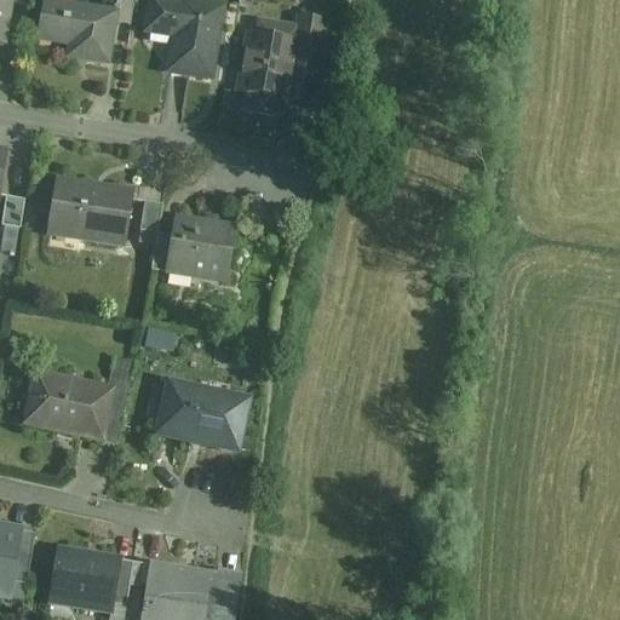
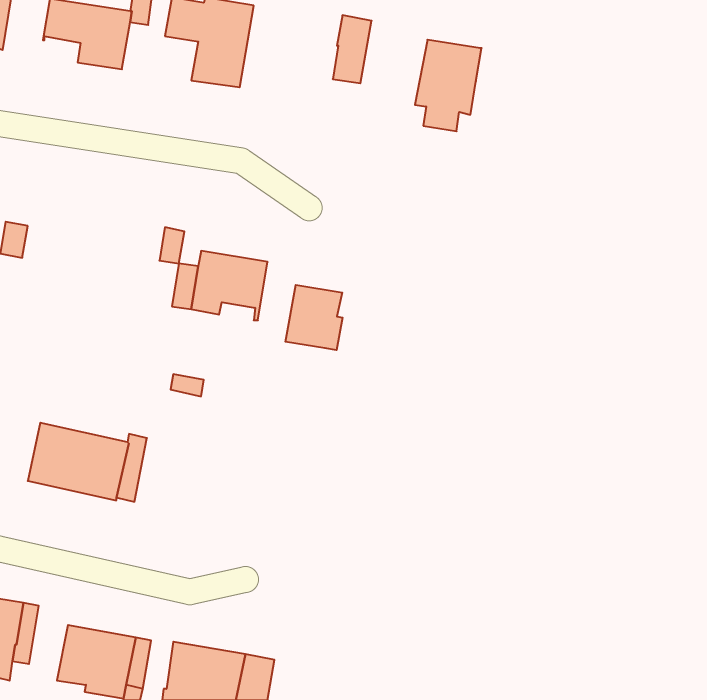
building: [237,33,295,113] -> [415,40,482,131]
building: [47,177,132,243] -> none
building: none -> [285,285,343,350]
building: [159,381,246,447] -> none

